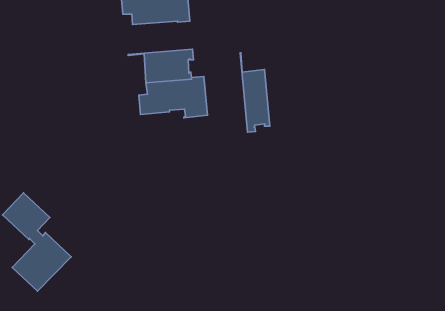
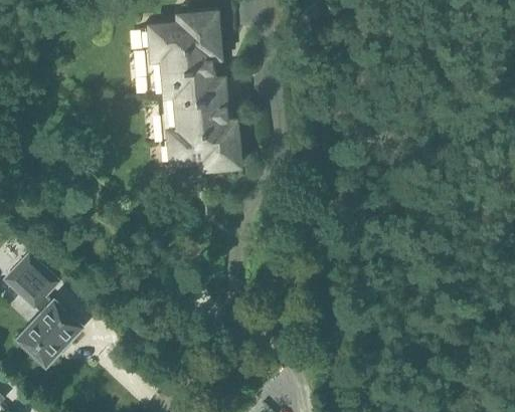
building: none -> [150,56,223,94]
building: [240,53,270,132] -> none

